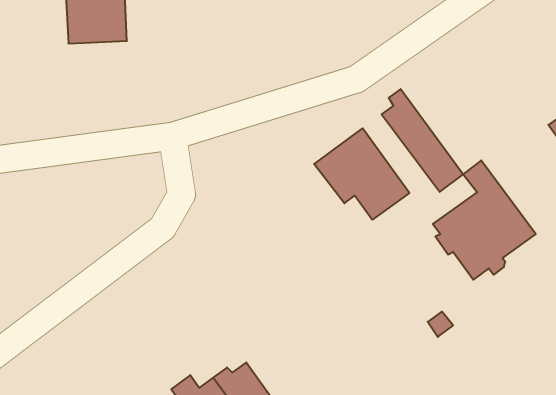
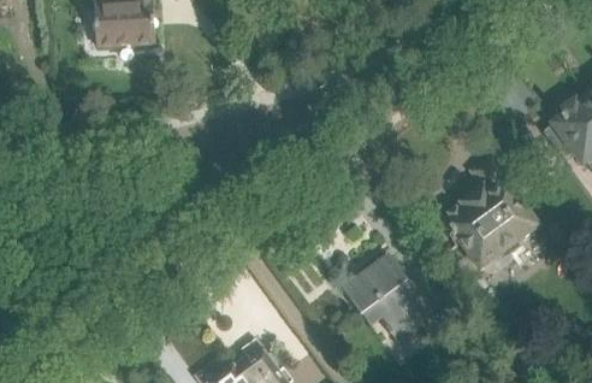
building: [382,89,463,192] -> none
building: [314,128,409,220] -> [342,254,432,341]

